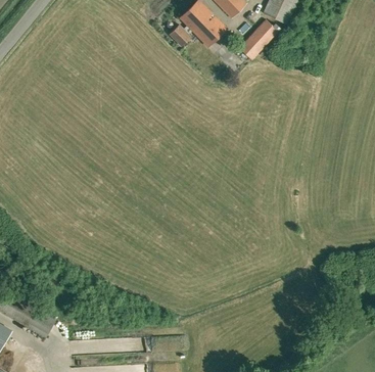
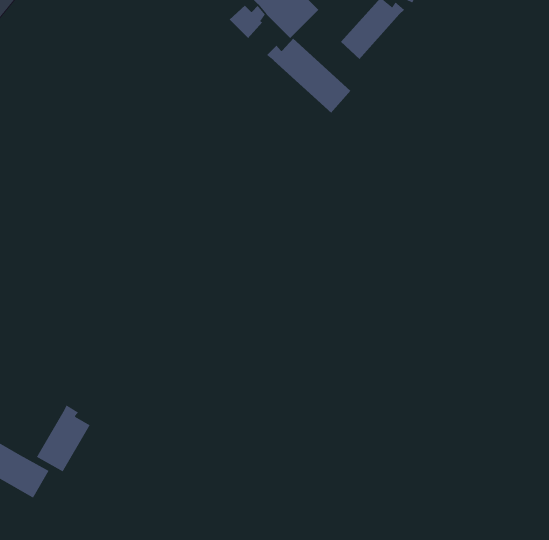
building: none -> [266,38,351,114]
building: none -> [36,404,90,472]

